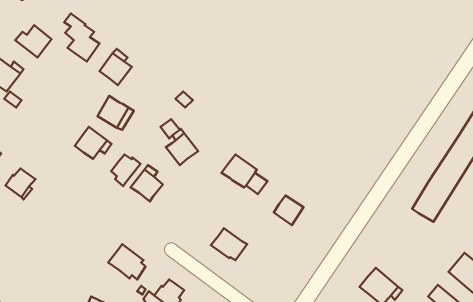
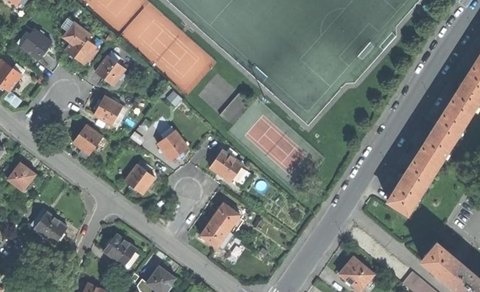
building: [111,155,141,186] -> none
building: [274,195,304,225] -> [211,203,239,231]
building: none -> [31,211,66,244]

